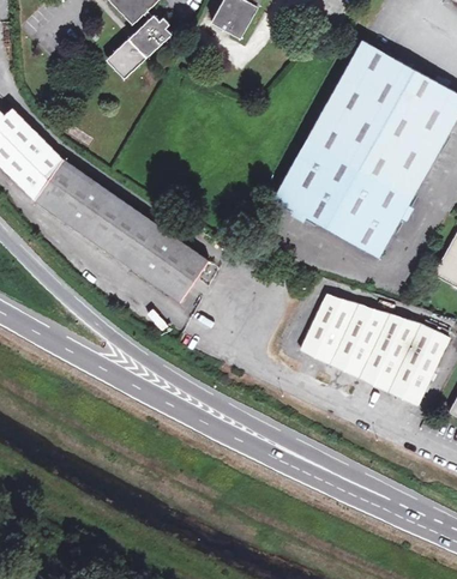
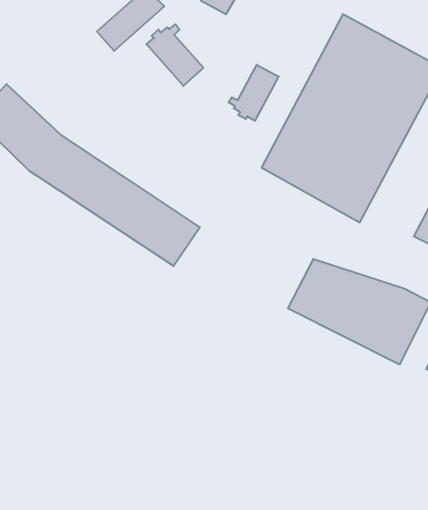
building: none -> [146,24,203,86]
building: none -> [228,65,279,121]

